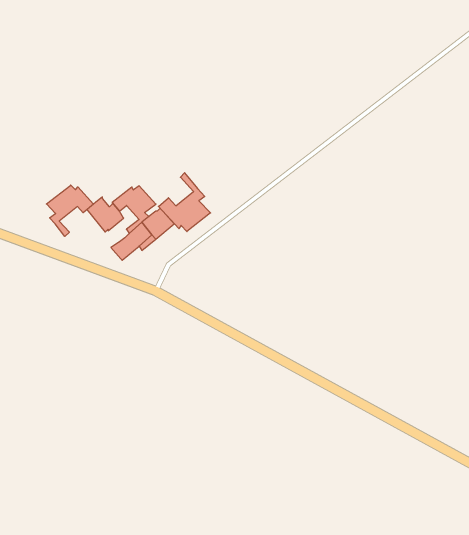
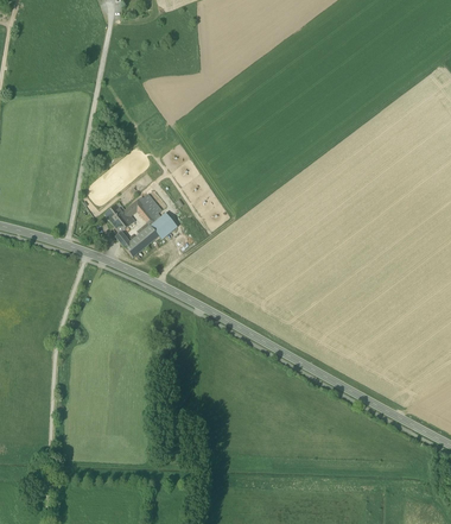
building: [158,173,211,232] -> none
building: [46,185,94,236] -> none

